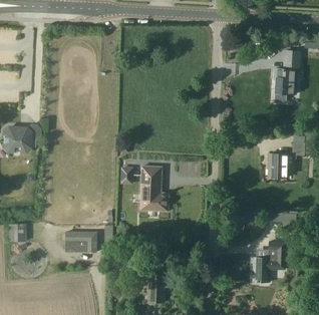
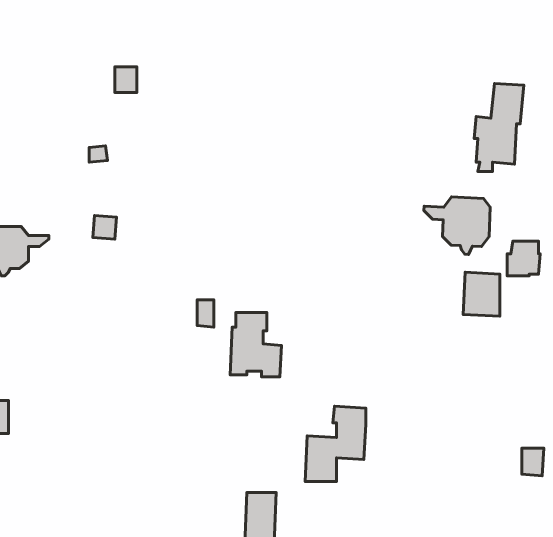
building: none -> [424,197,490,254]
building: [66,231,97,253] -> none
building: [253,240,286,281] -> [305,406,366,482]

